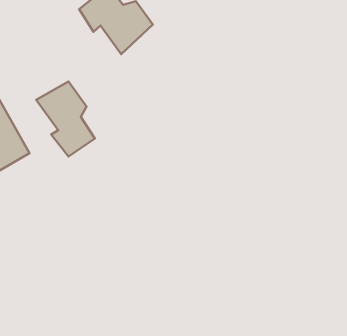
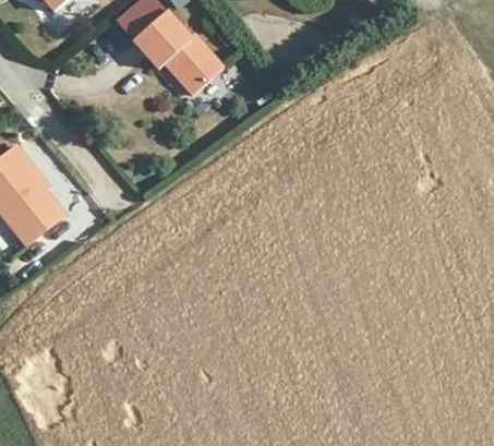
building: [36,81,95,157] -> none

